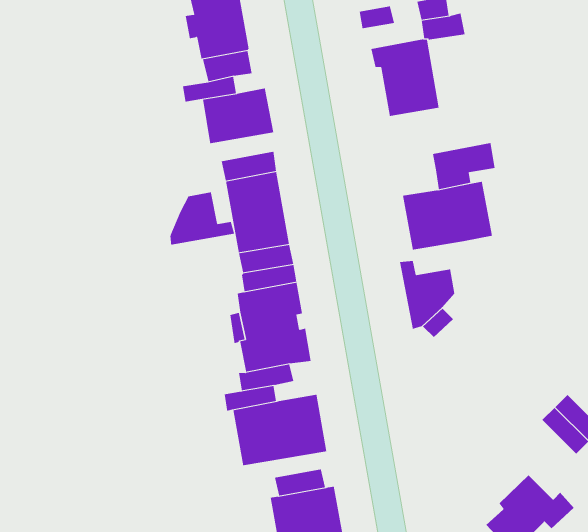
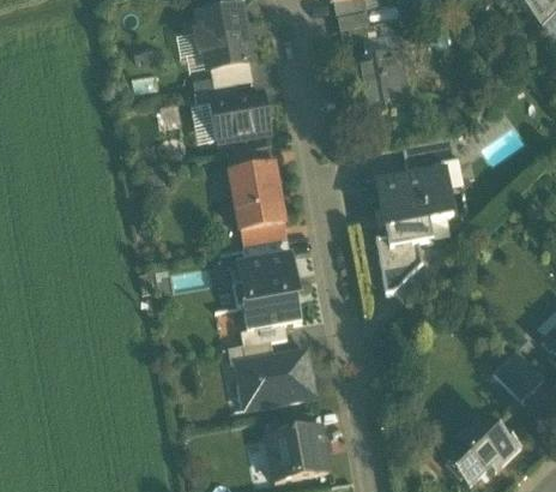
building: [170,191,235,245] -> none
building: none -> [386,223,433,251]

